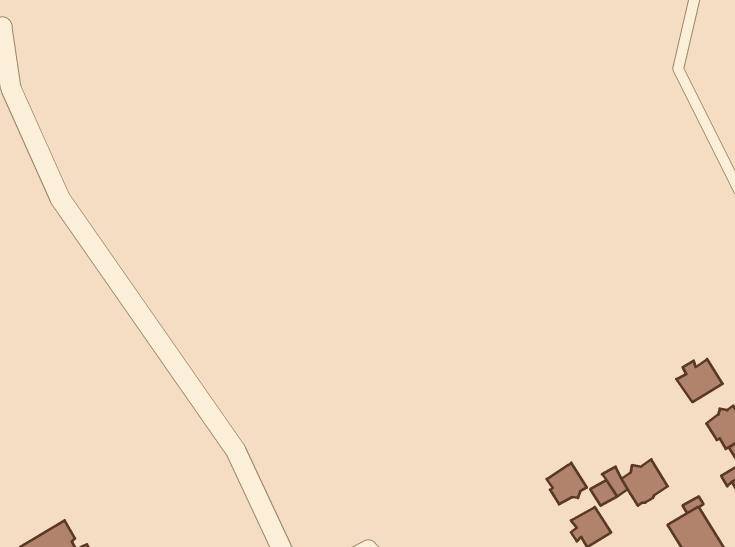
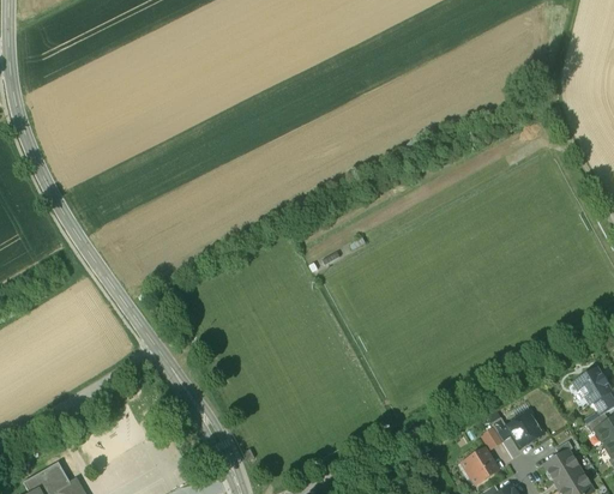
building: [676,359,723,402] -> none
building: [547,463,587,504] -> none

